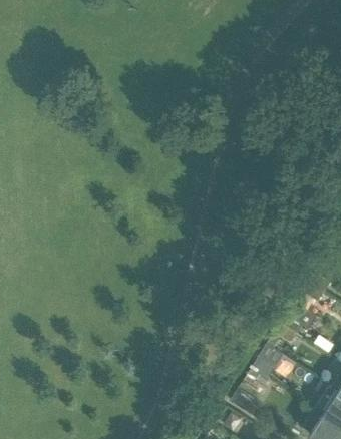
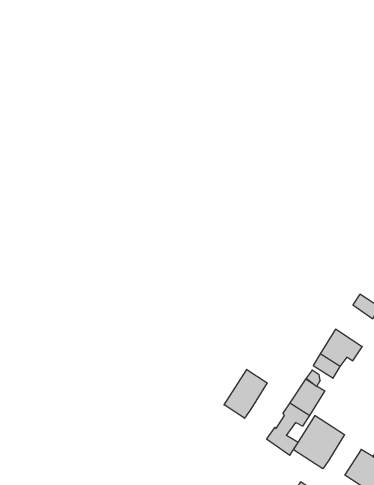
building: none -> [224,369,267,418]
building: none -> [293,416,345,469]

